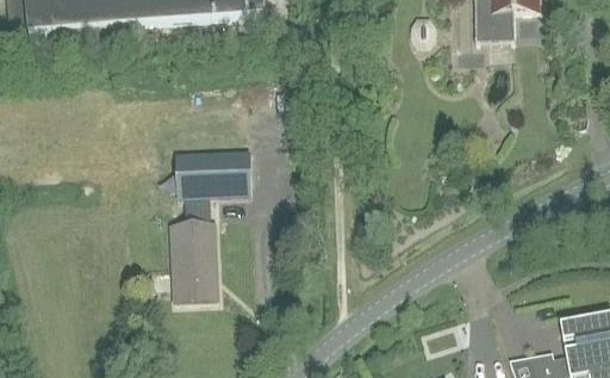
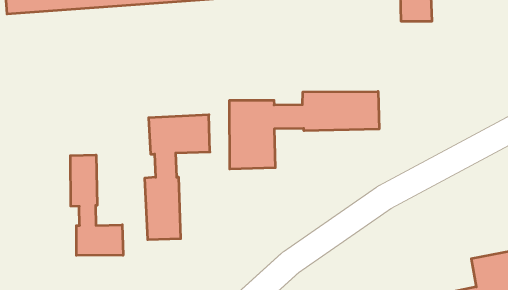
building: none -> [230,91,379,169]
building: none -> [70,155,123,255]

